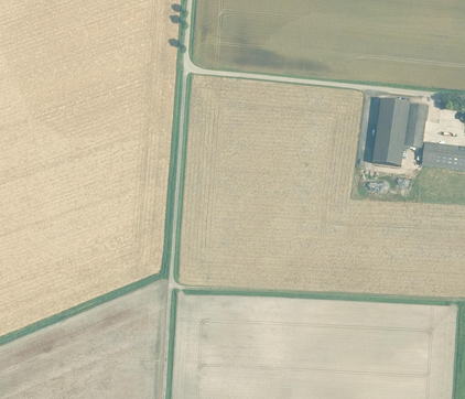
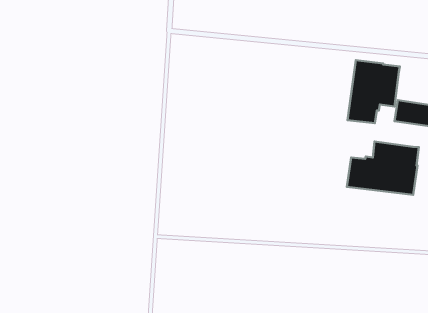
building: none -> [347,141,419,195]

